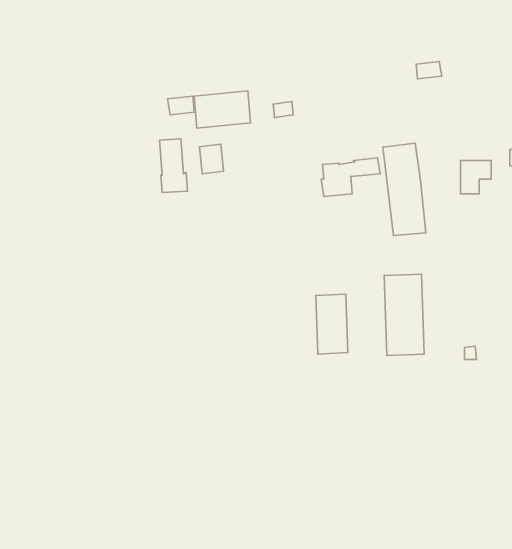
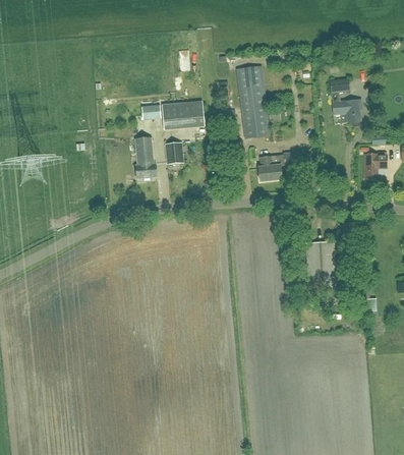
building: none -> [332,99,360,125]
building: [383,143,426,235] -> [236,66,269,136]
building: [316,294,348,354] -> none

